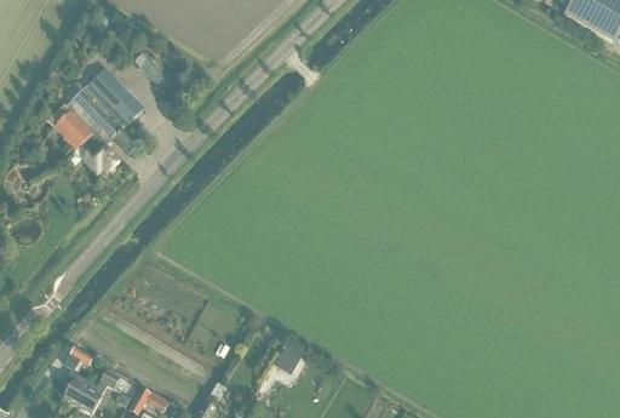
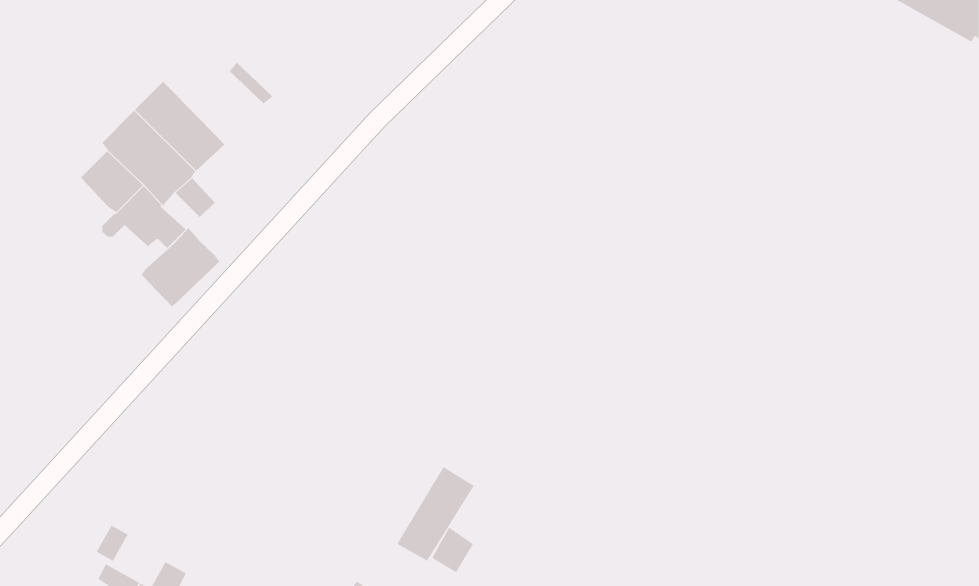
building: none -> [141,227,220,307]
building: none -> [397,466,474,562]

